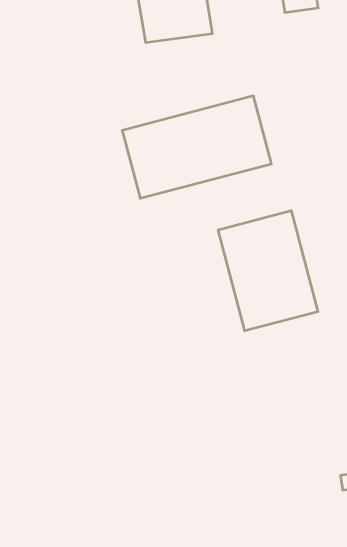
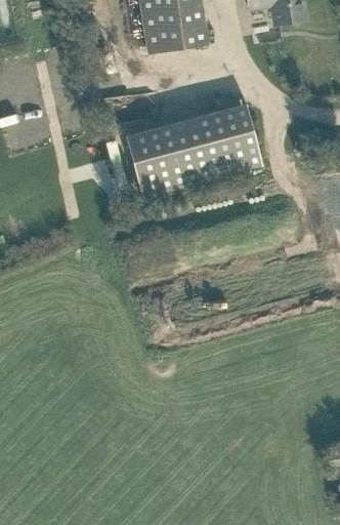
building: [218,211,318,331] -> none

